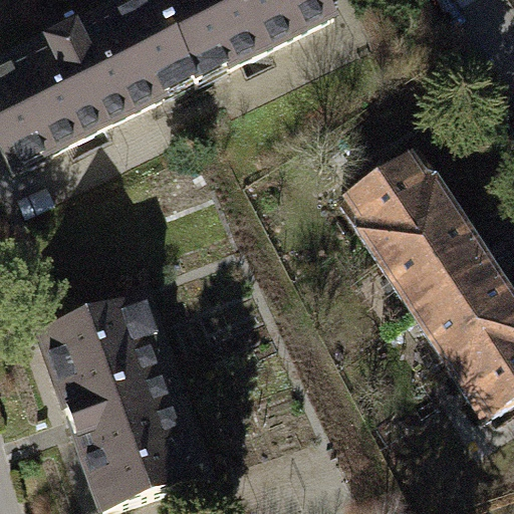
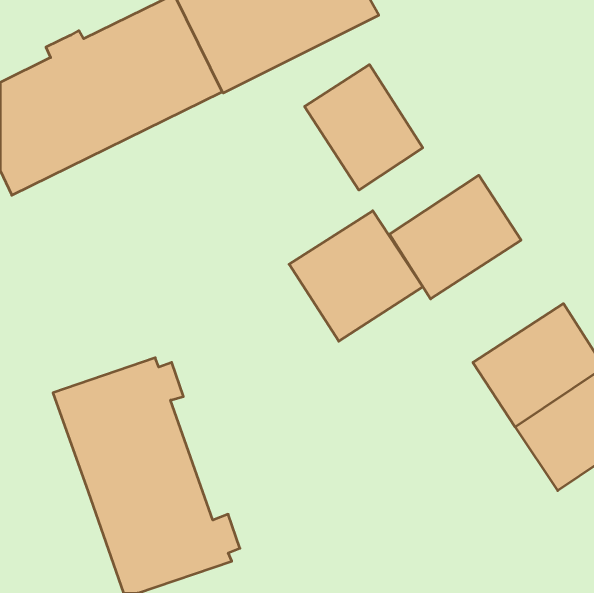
building: none -> [305,65,423,190]
building: none -> [289,211,423,341]
building: [373,205,487,309] -> none

